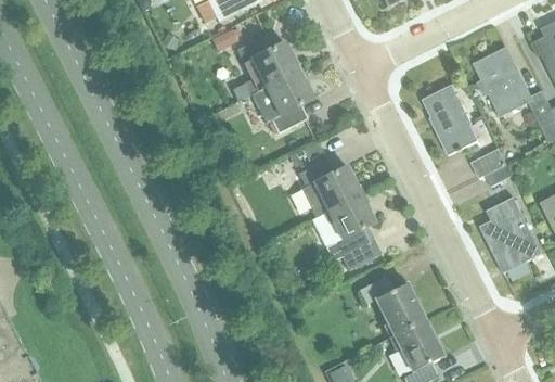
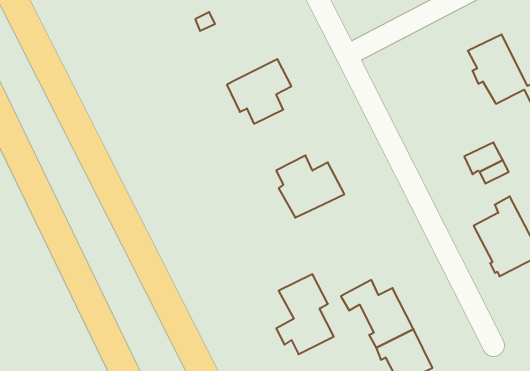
building: [236,36,299,91] -> none
building: [423,84,476,153] -> none
building: [327,195,380,269] -> [276,274,334,354]

